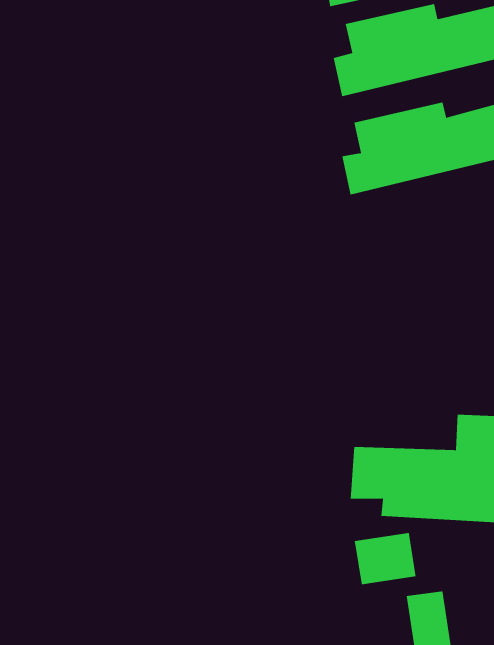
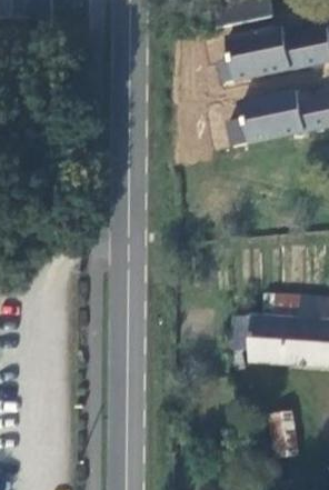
building: [354,532,416,585] -> none

